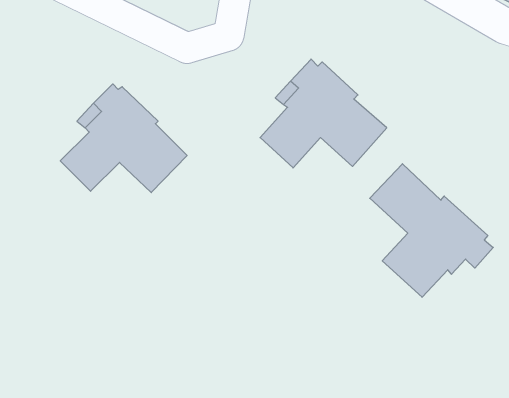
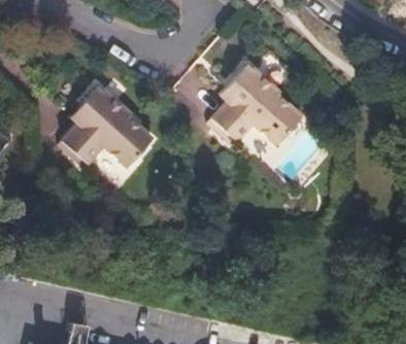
building: [370,164,493,297] -> none

